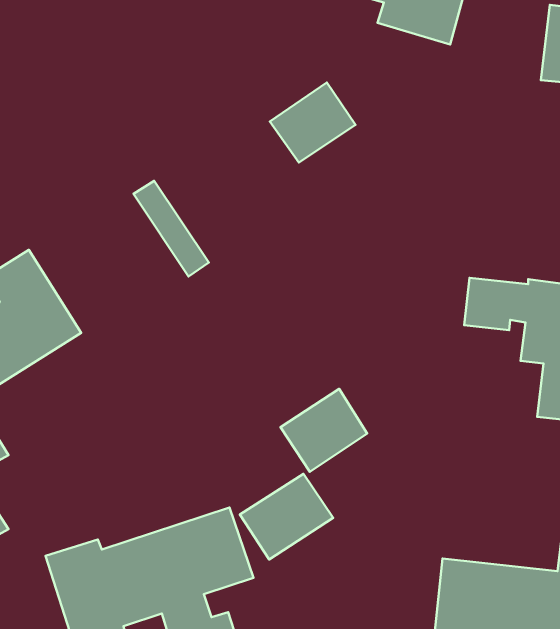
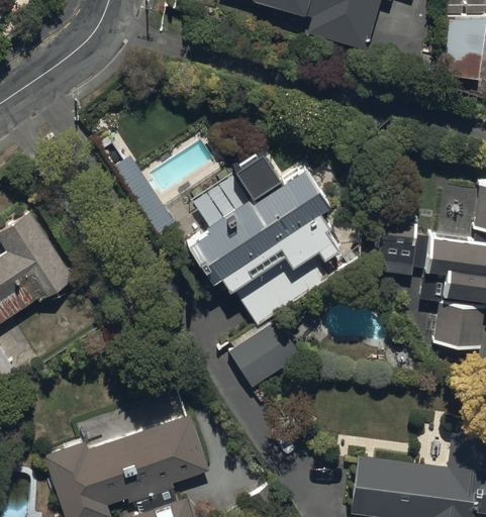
building: [270,82,356,163] -> none
building: none -> [187,149,337,325]
building: [240,474,333,560] -> none

